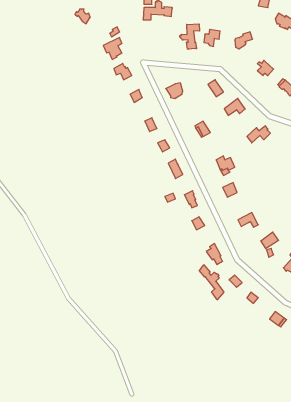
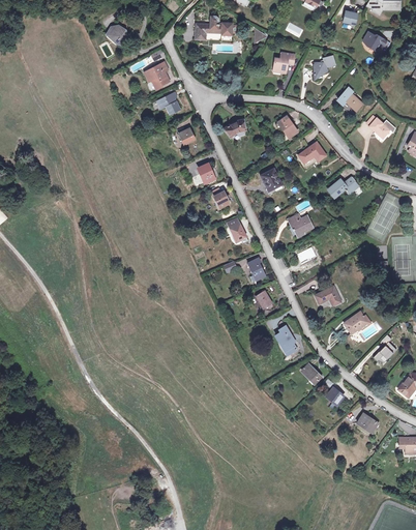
building: [180,24,199,49] -> none
building: [199,265,224,300] -> none

